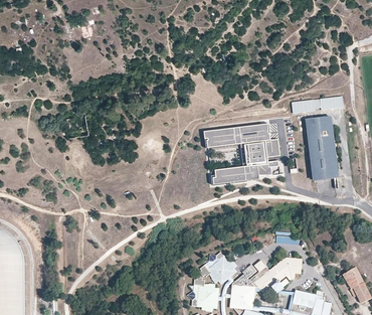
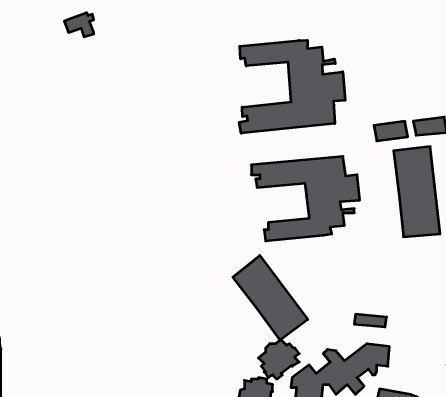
building: none -> [239,40,345,133]
building: none -> [233,255,308,340]

